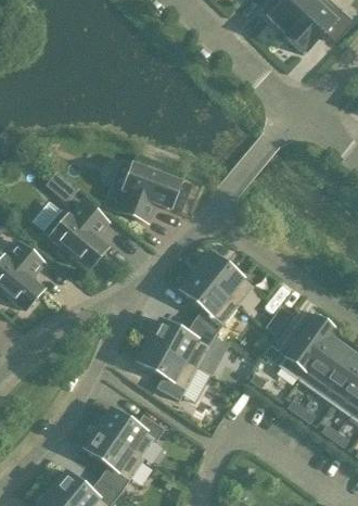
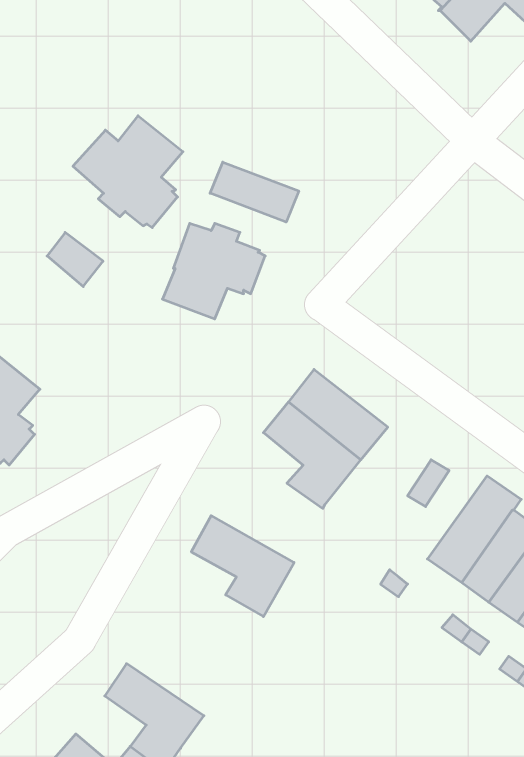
building: none -> [210,162,299,222]
building: [43,200,110,267] -> [73,116,183,228]
building: [149,318,216,367] -> none
building: [98,407,165,459] -> none

